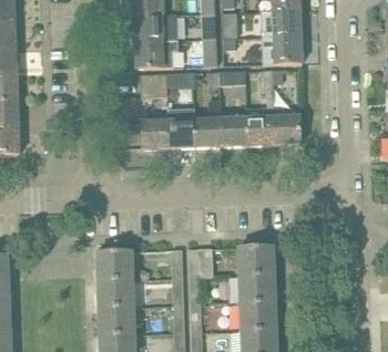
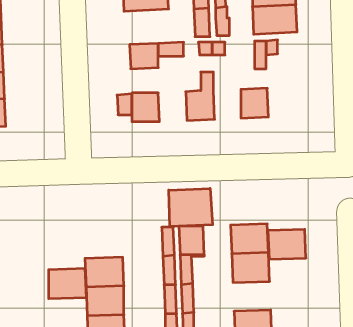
building: [134,39,177,68] -> none
building: [167,107,195,147] -> none
building: [273,114,300,143] -> none
building: [221,116,247,145] -> none
building: none -> [169,188,213,227]
building: [96,250,133,279] -> [49,269,86,299]
building: [239,301,276,330] -> [268,229,306,259]

